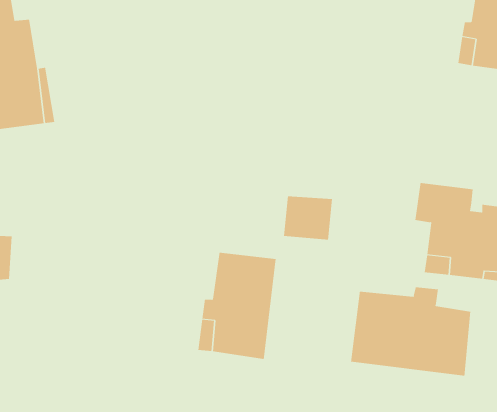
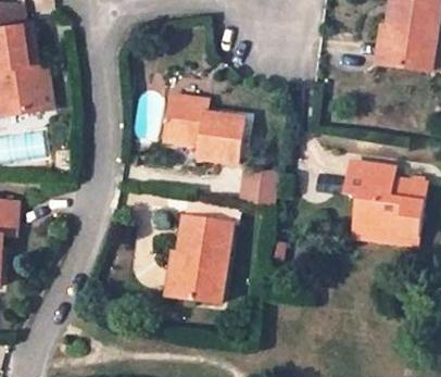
building: none -> [166,93,247,163]
building: [350,286,471,376] -> none

